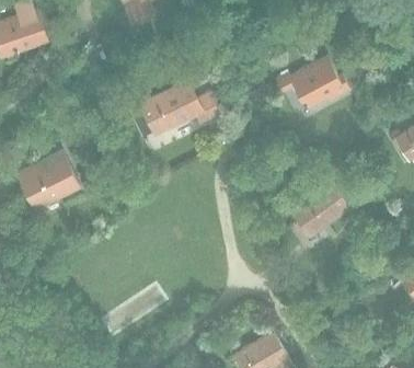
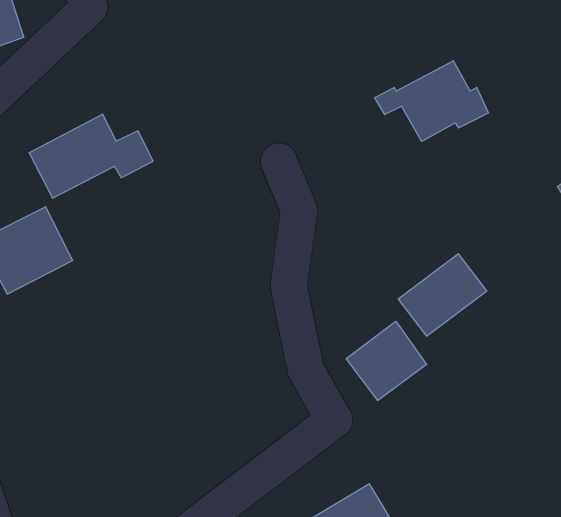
building: [138,81,219,136] -> [29,114,153,198]
building: none -> [346,321,427,400]

